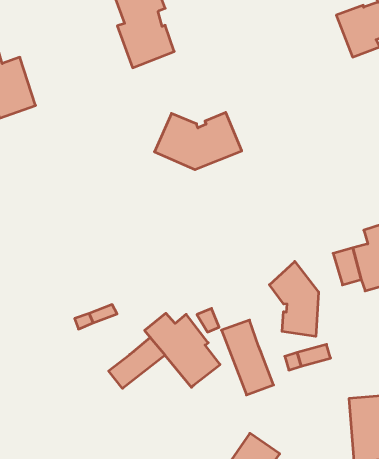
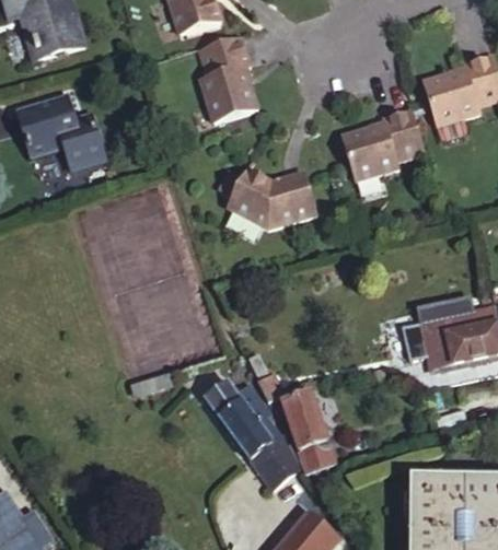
building: none -> [340,112,424,184]
building: [269,261,319,336] -> none
building: [109,337,165,388] -> none
building: none -> [253,435,302,487]

